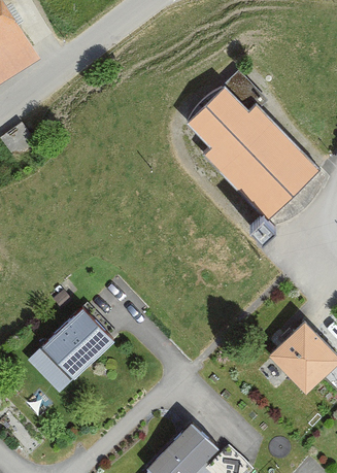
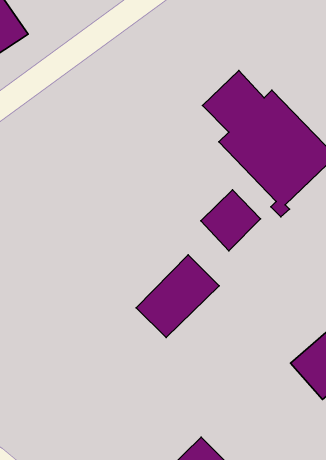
building: none -> [201,190,261,251]
building: [35,308,112,385] -> [136,255,219,338]

